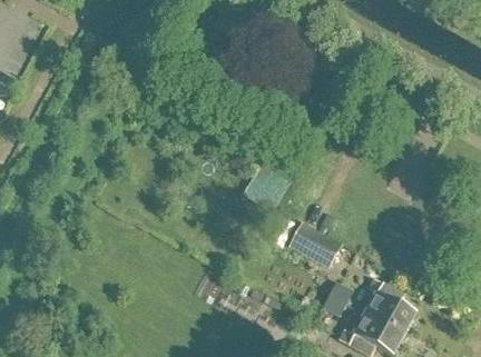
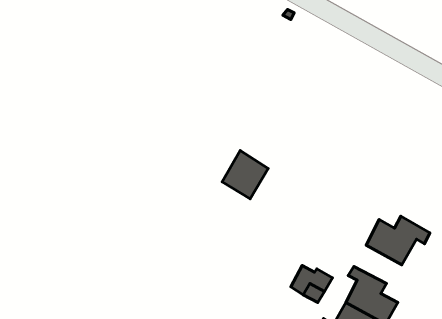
building: [291,222,341,265] -> none
building: none -> [366,216,430,265]

